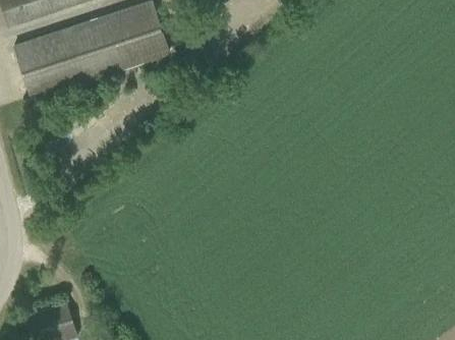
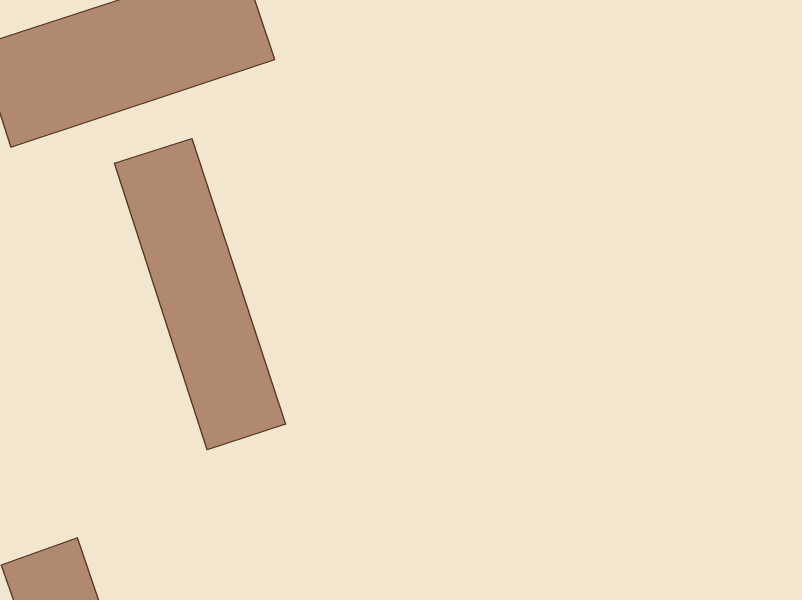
building: none -> [115,139,286,450]

